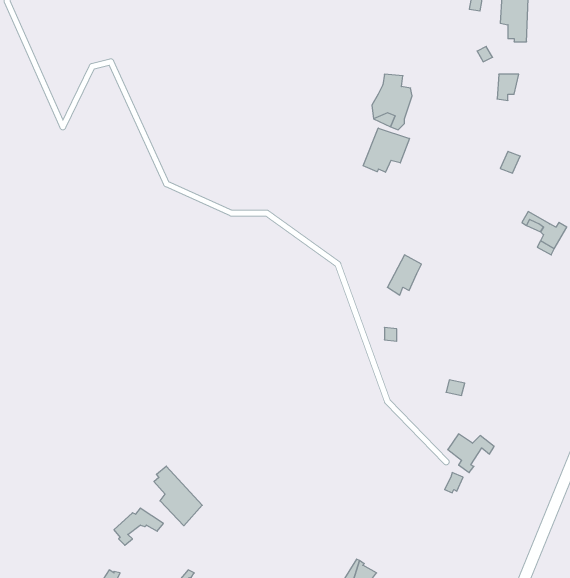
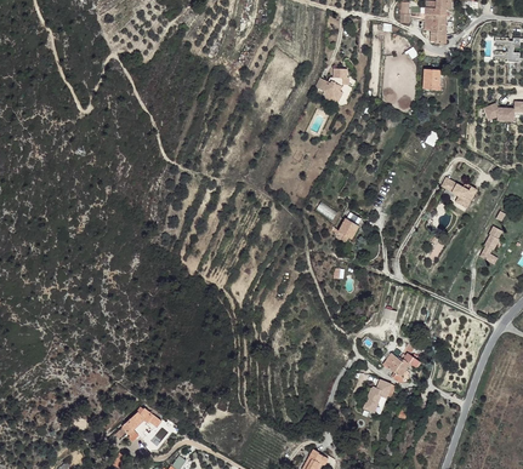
building: [363,128,409,172] -> none
building: [154,466,202,526] -> none

